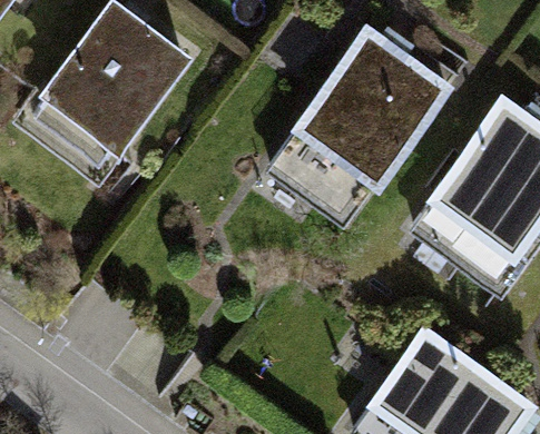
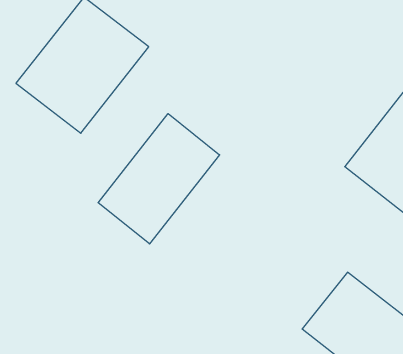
building: [286,39,445,204] -> none
building: none -> [98,114,220,244]

